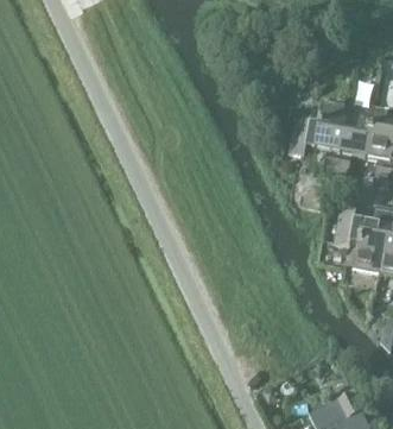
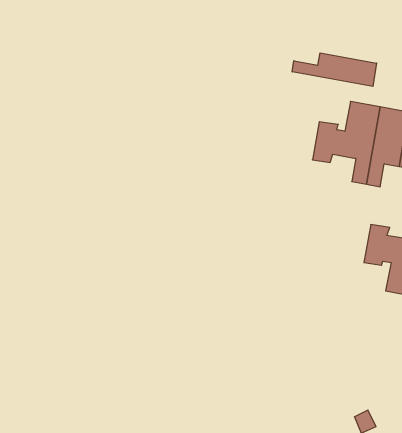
building: none -> [292,53,377,86]

